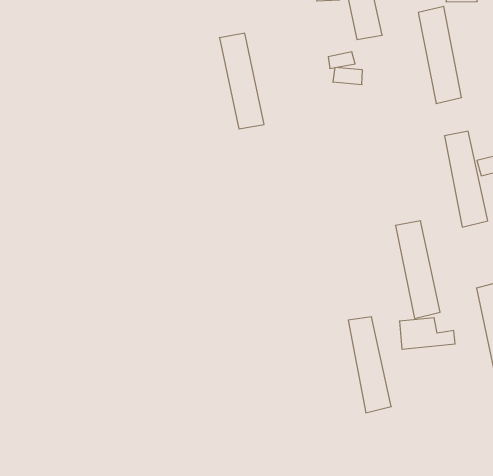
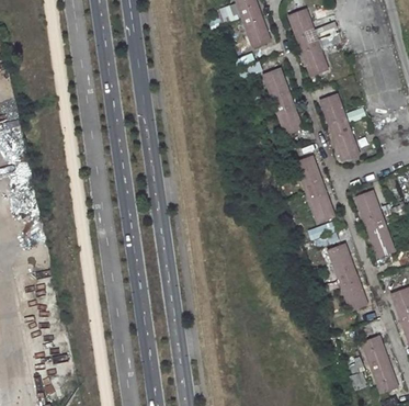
building: [219,33,264,129] -> [263,68,302,133]
building: [348,317,391,413] -> [330,249,367,314]

